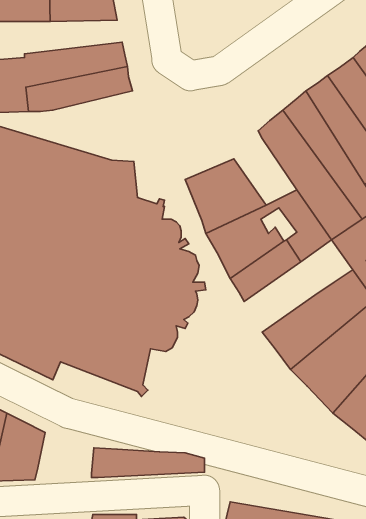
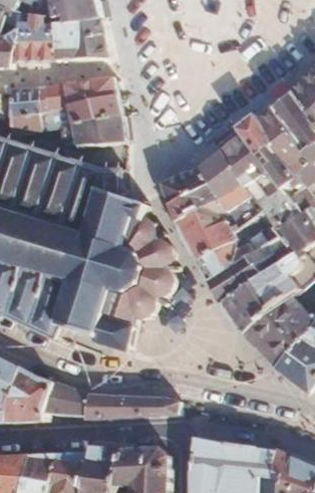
building: none -> [58,115,125,149]
building: none -> [200,153,249,205]
building: none -> [208,232,293,304]
building: none -> [46,383,90,415]

